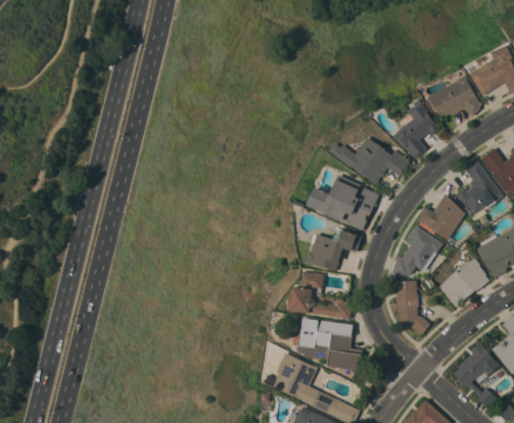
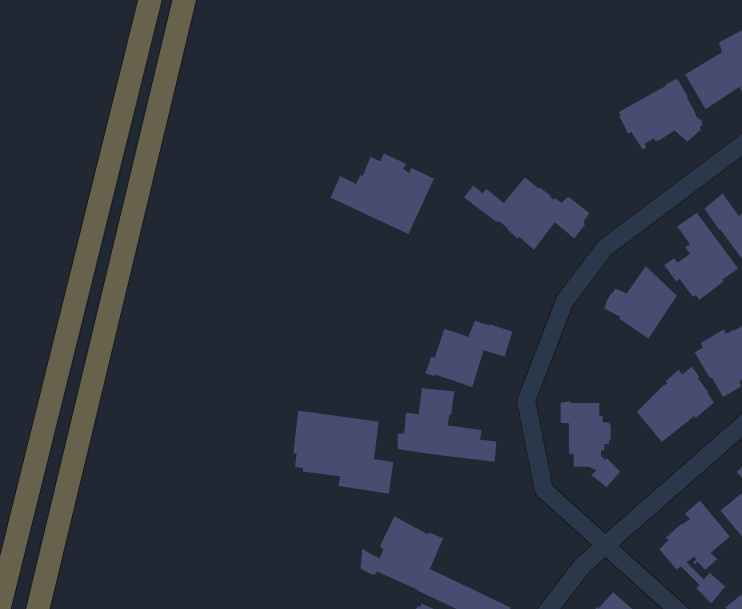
building: [392,100,440,158] -> none
building: [312,179,378,231] -> [330,153,435,235]
building: [391,225,442,277] -> none
building: [297,318,362,371] -> [293,410,394,494]

